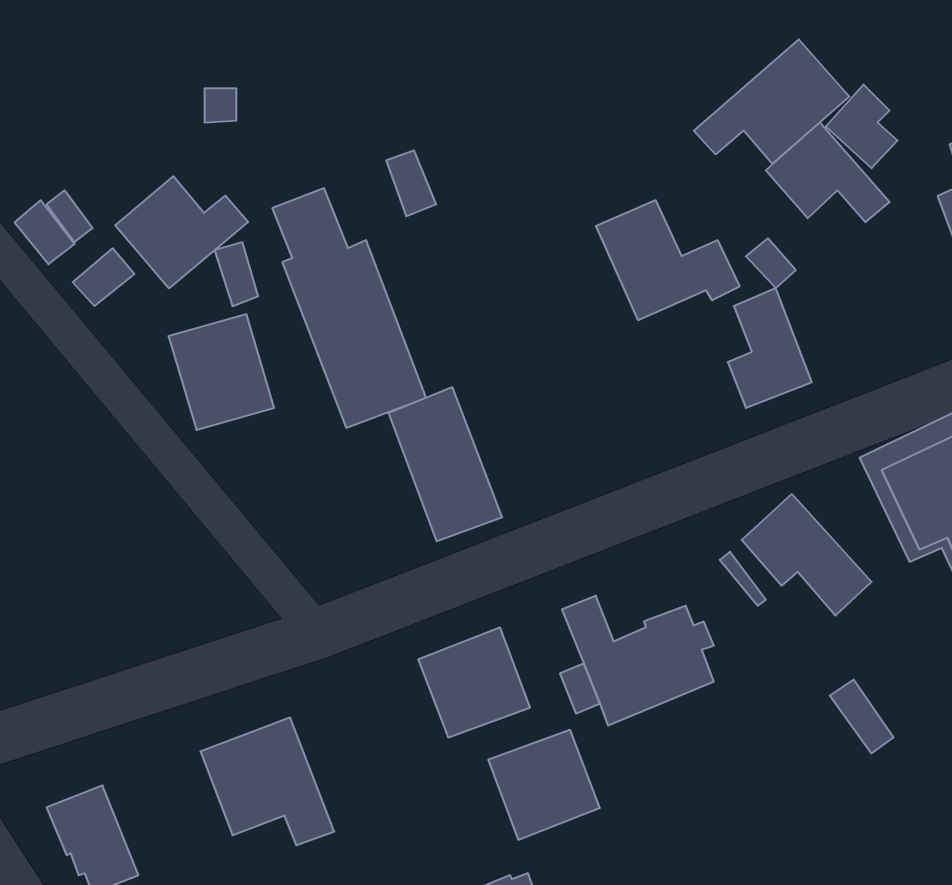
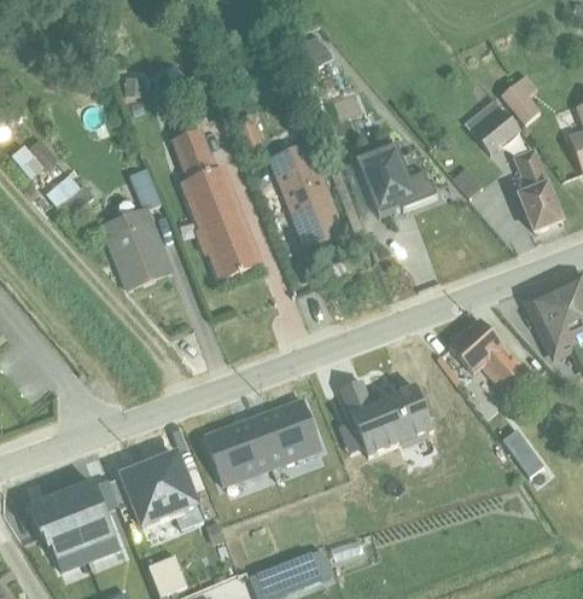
building: [694,39,849,164] -> none
building: [115,176,248,288] -> none
building: [728,288,812,408] -> [519,159,570,232]
building: [388,387,502,541] -> [275,150,344,243]
building: [488,730,600,840] -> [204,420,272,487]
building: none -> [63,484,116,551]

